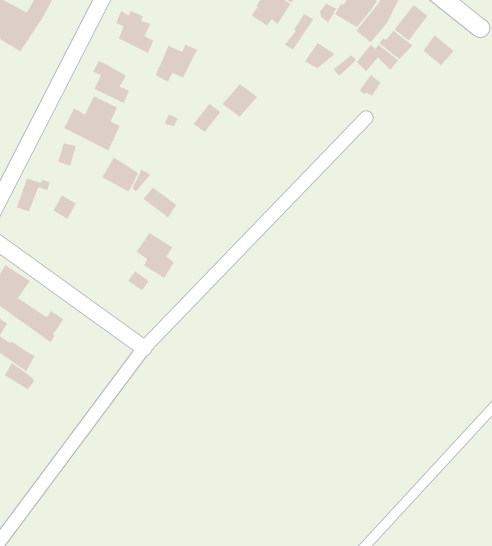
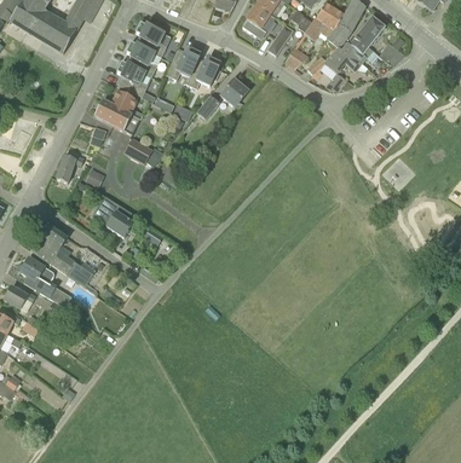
building: none -> [125,40,156,75]
building: none -> [185,57,220,87]
building: [135,232,175,279] -> [100,198,132,236]

